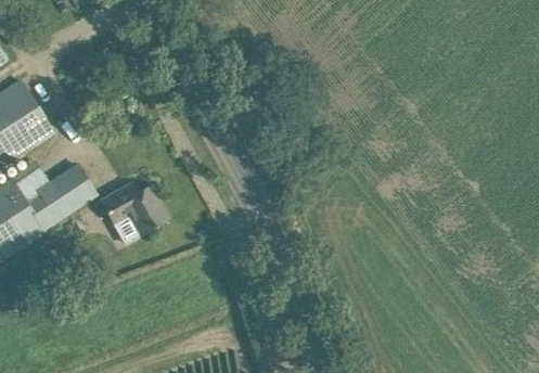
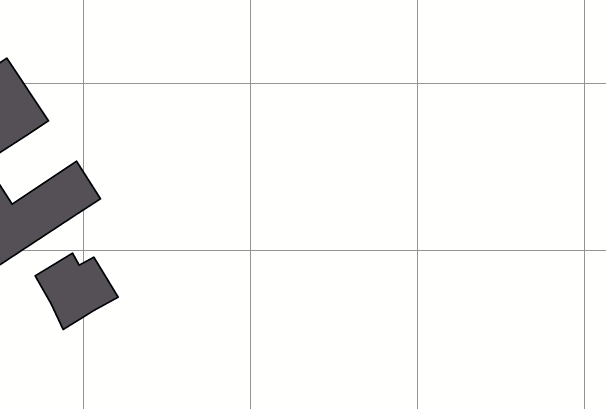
building: [101,181,168,243] -> [35,253,118,329]

